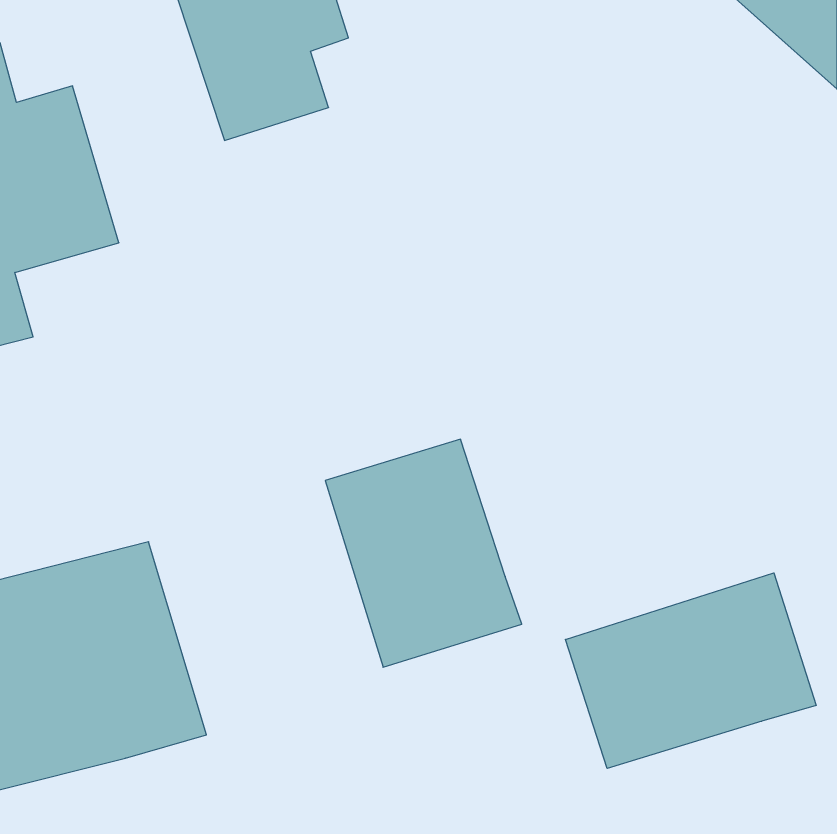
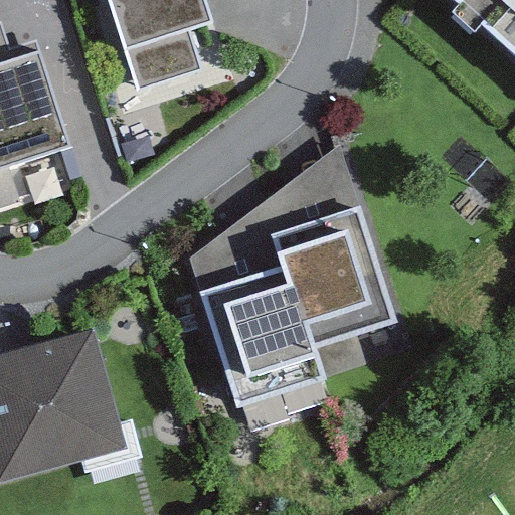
building: none -> [272,209,396,351]
building: [565,573,816,768] -> none

